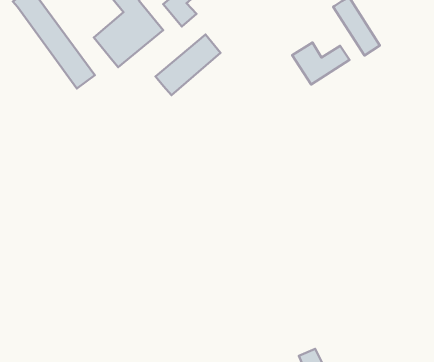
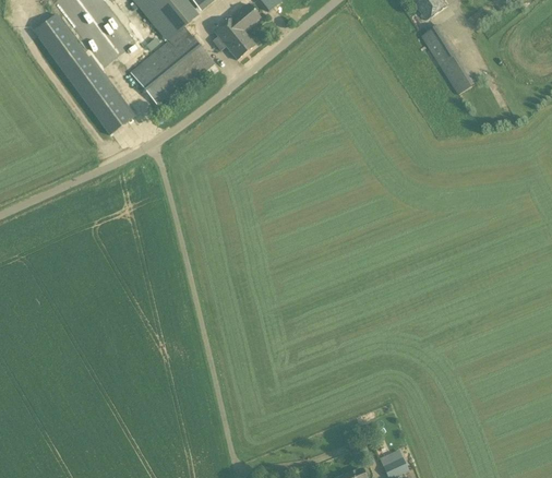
building: [155,35,221,95] -> none
building: [292,43,349,84] -> none

